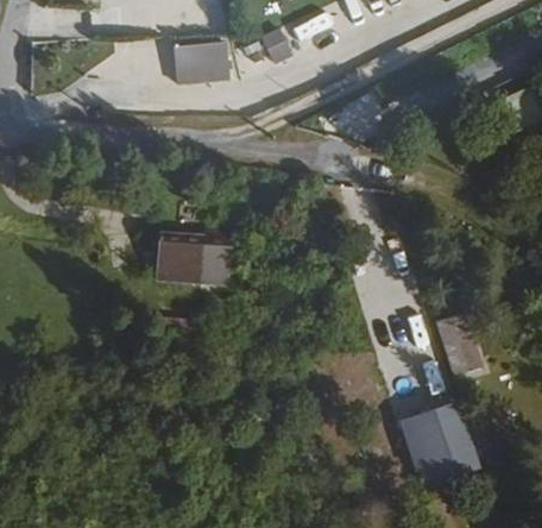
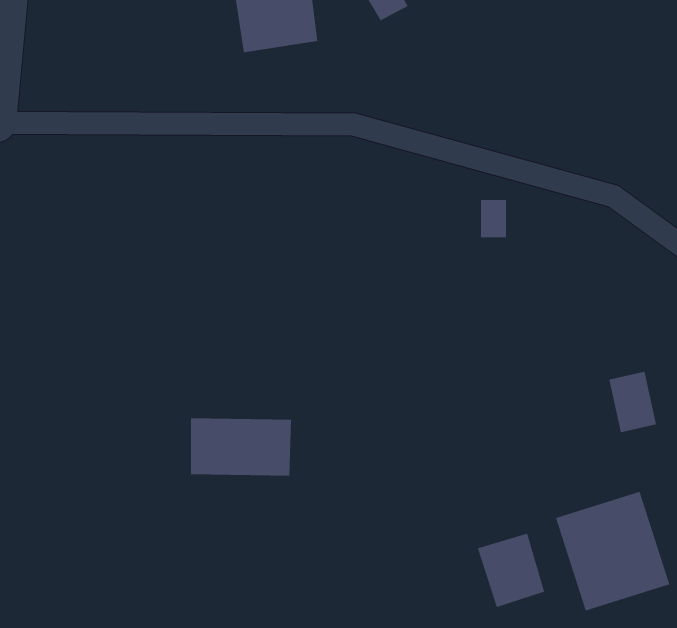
building: [155,250,227,291] -> [190,418,292,476]
building: none -> [477,533,545,608]

